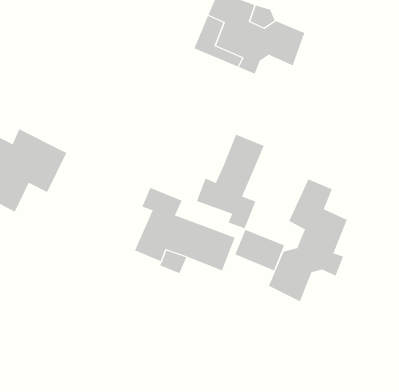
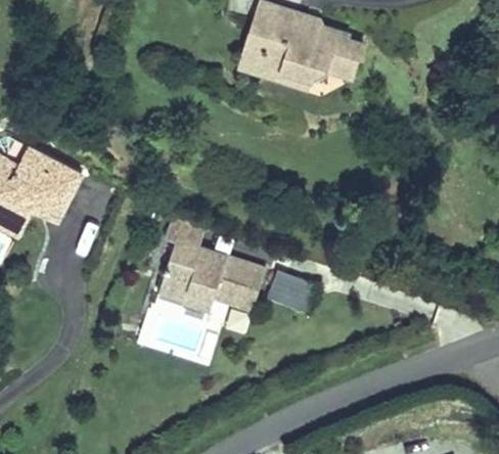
building: [196,134,264,229] -> none
building: [268,178,348,302] -> none

